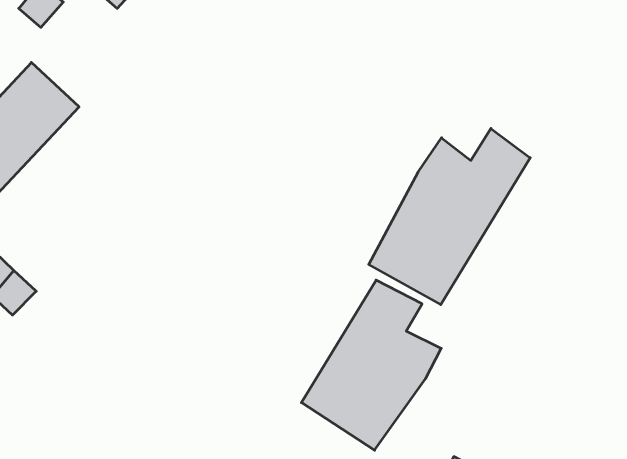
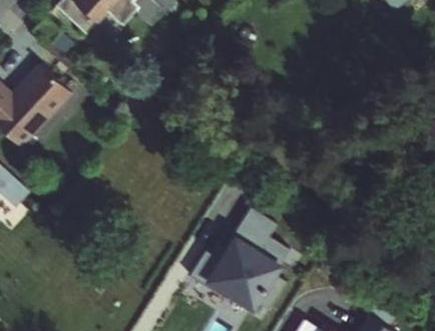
building: [369,128,530,305] -> none

